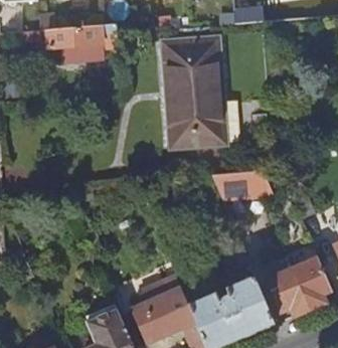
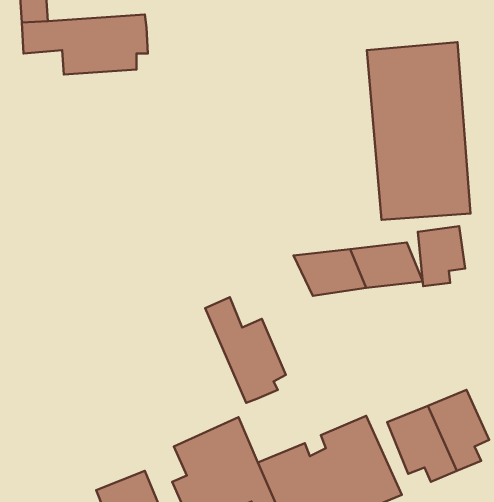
building: [162,37,226,148] -> [367,42,470,220]
building: none -> [418,226,465,286]
building: none -> [205,297,286,403]

